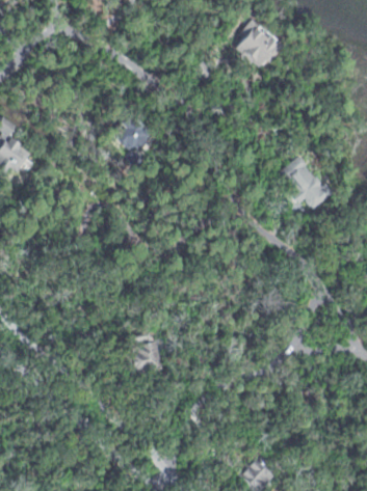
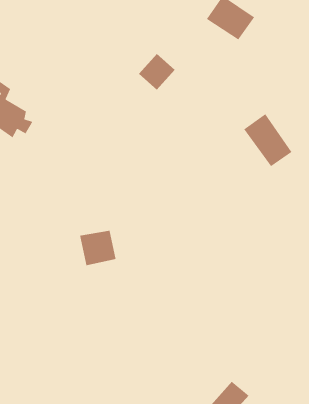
building: [113,113,155,155] -> [138,53,175,90]
building: [121,337,162,378] -> [79,230,117,266]

